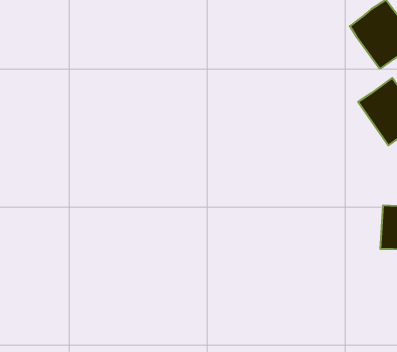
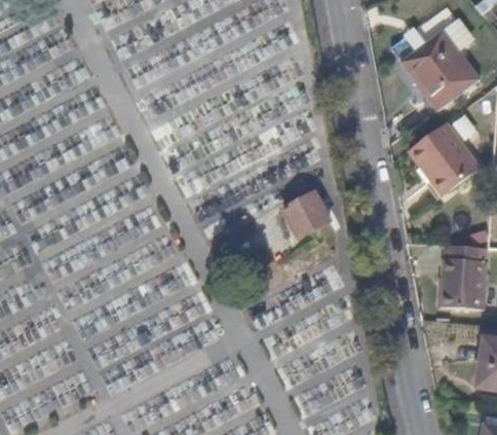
building: none -> [281,192,328,235]

